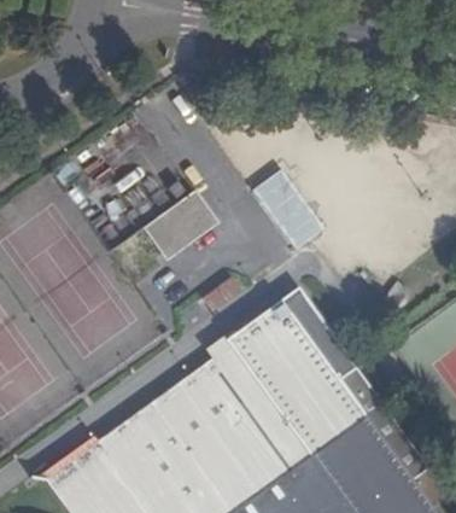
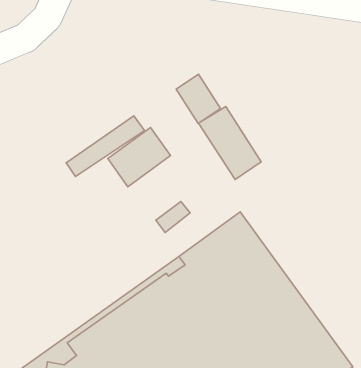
building: none -> [176,74,221,123]

